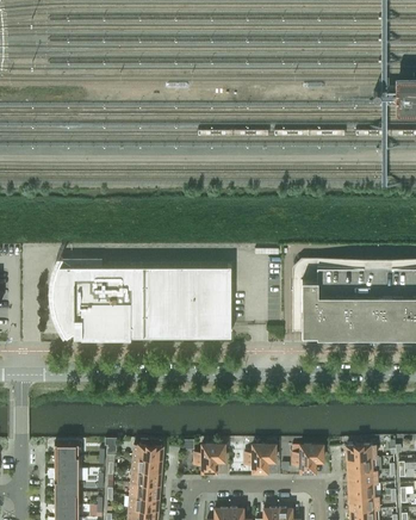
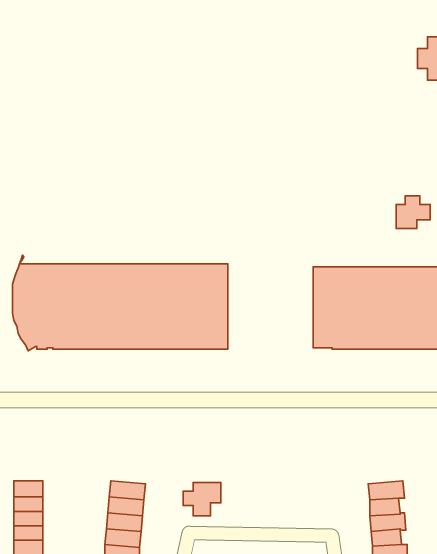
building: none -> [396,196,430,228]
building: [246,447,275,475] -> none
building: [293,447,323,475] -> none

